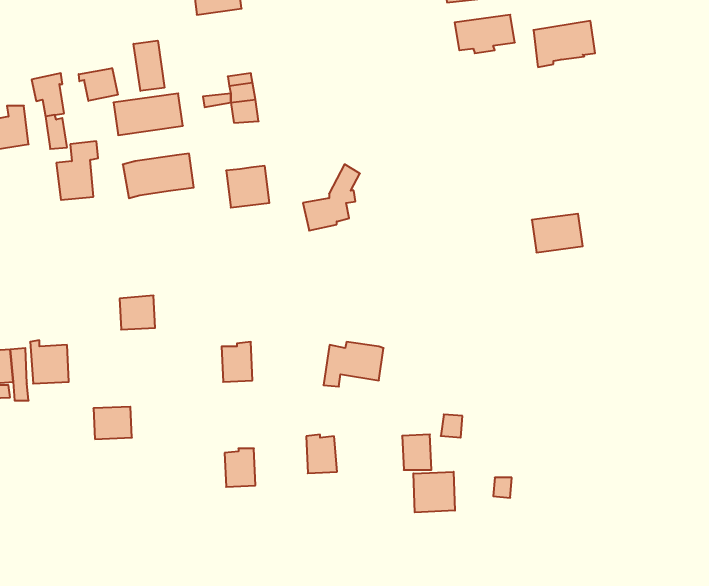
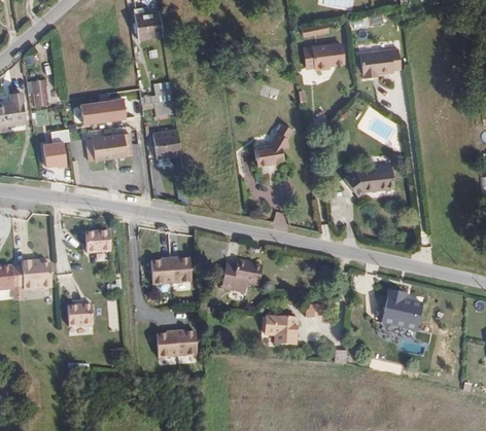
building: [134,41,164,91] -> none
building: [79,68,118,101] -> none
building: [303,164,360,231] -> [254,122,292,167]
building: none -> [171,258,192,284]
building: none -> [376,287,420,331]
building: [306,435,337,473] -> [173,328,194,354]
building: [413,472,455,512] -> none

